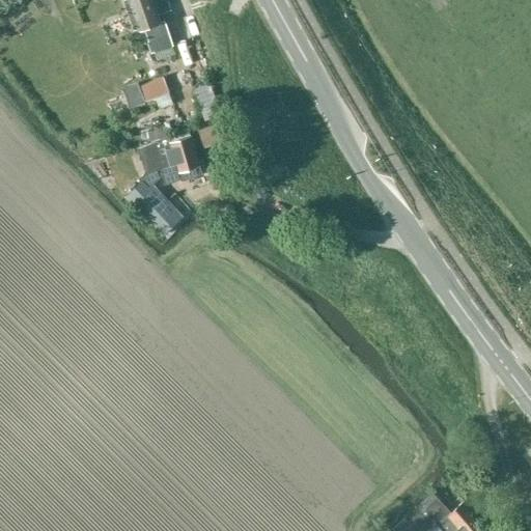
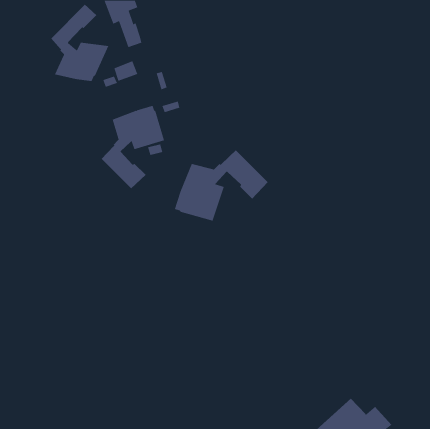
building: none -> [50,4,109,82]
building: none -> [174,150,269,221]

